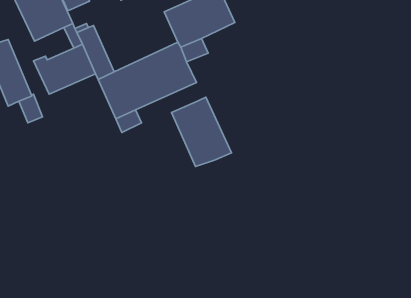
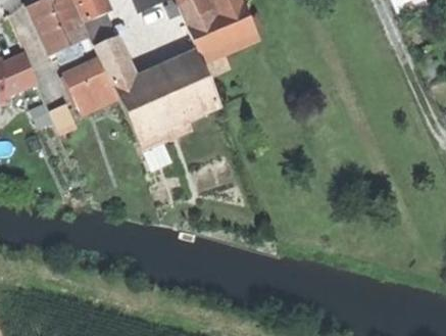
building: [172,97,231,167] -> none

